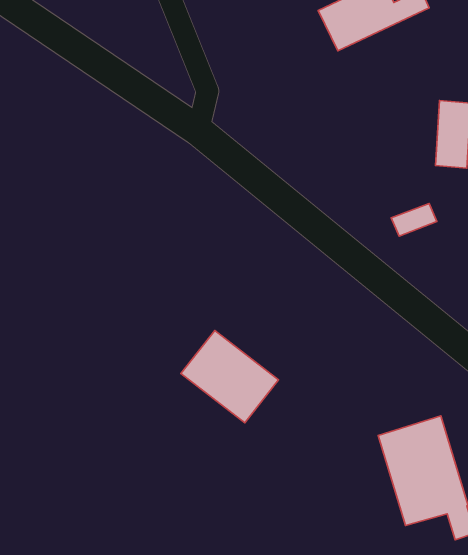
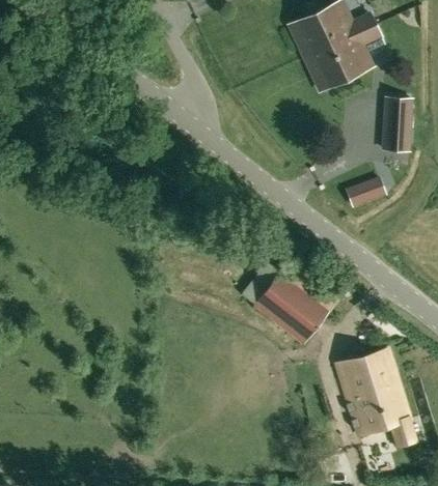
building: none -> [305,24,384,90]
building: [181,330,279,423] -> [253,270,331,344]

